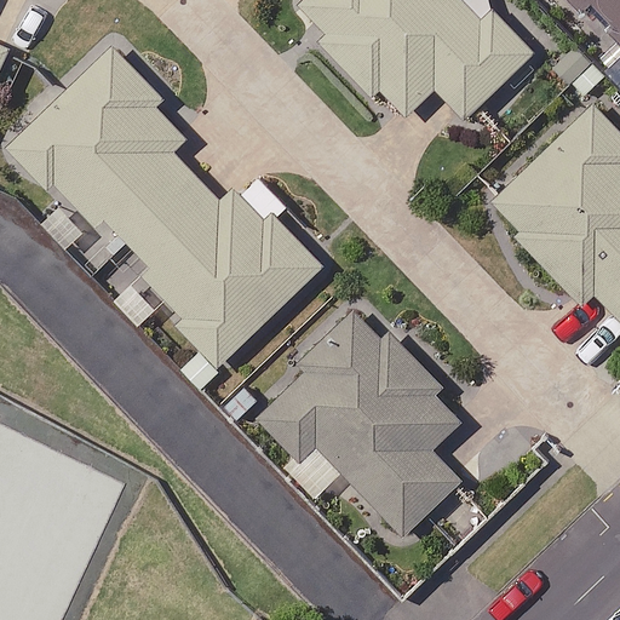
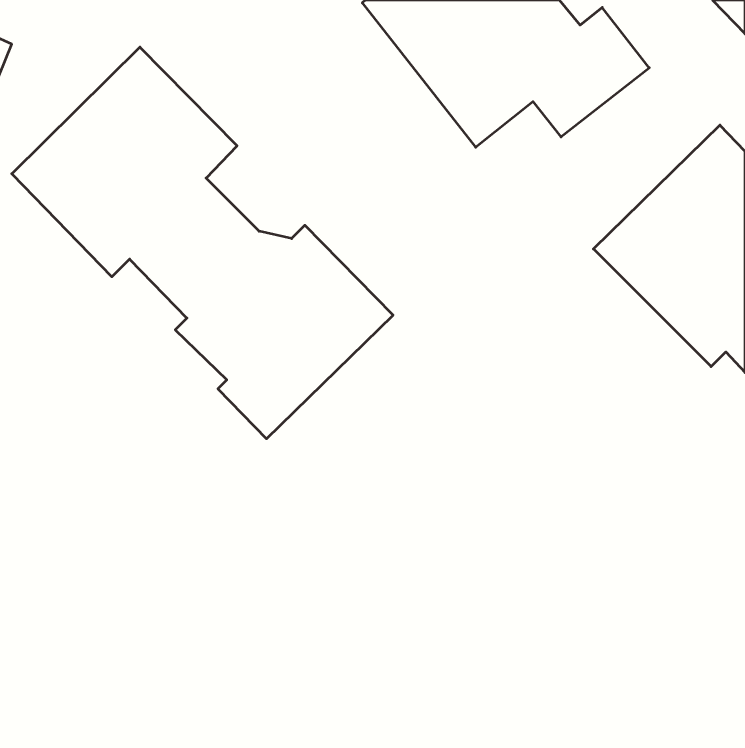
building: [252,293,460,534] -> none

